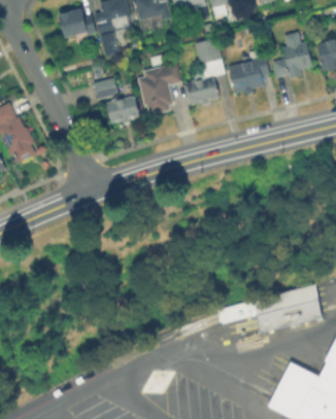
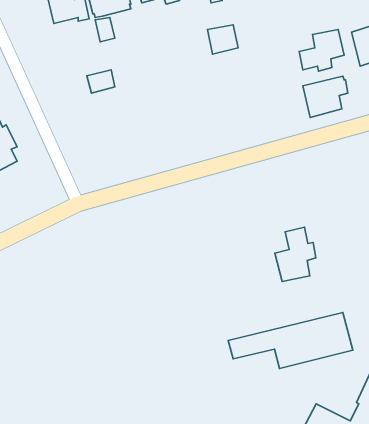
building: [230,59,268,94] -> [303,76,348,117]
building: [139,64,181,115] -> none
building: [186,75,217,107] -> none
building: [107,97,138,124] -> none
building: none -> [275,227,316,282]

